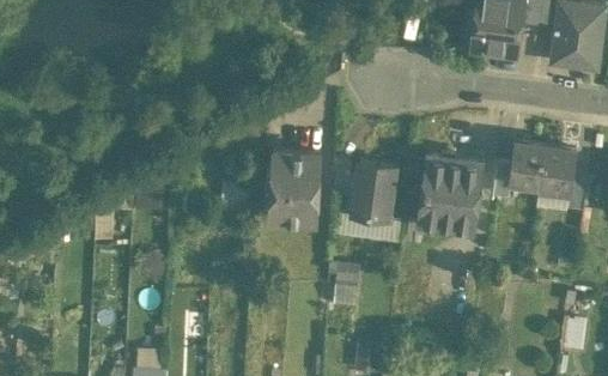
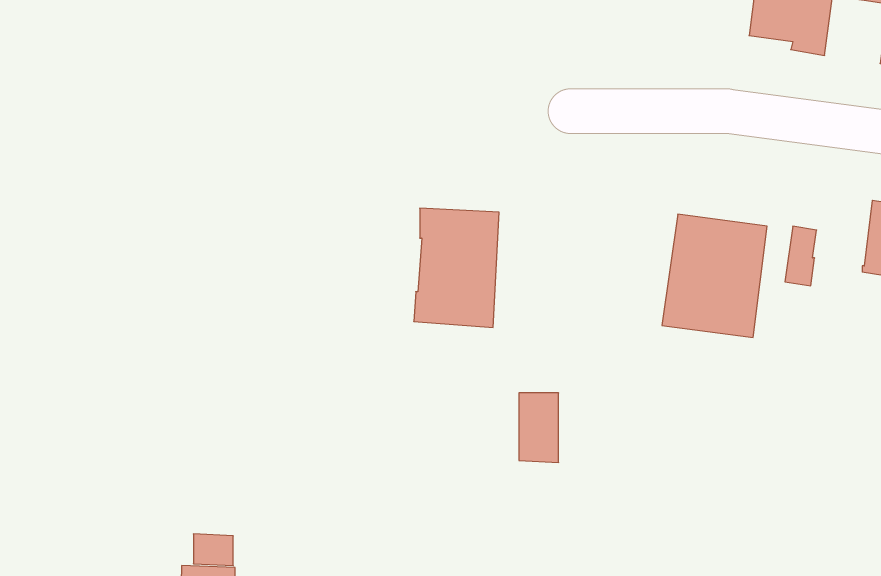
building: [509,144,545,187] -> none
building: [352,162,394,218] -> none

